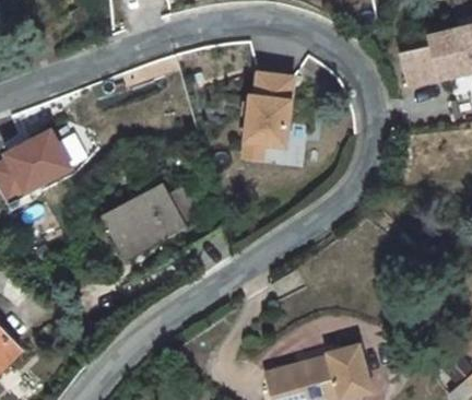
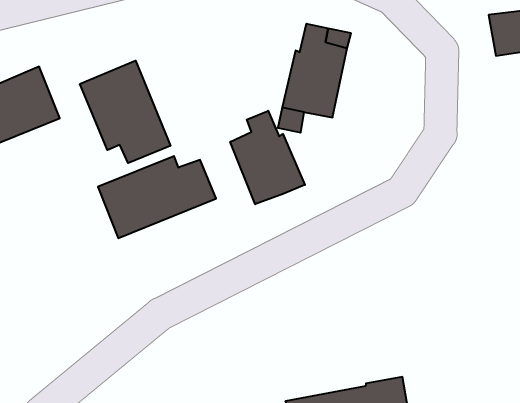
building: none -> [80,61,170,163]
building: none -> [230,111,305,204]

